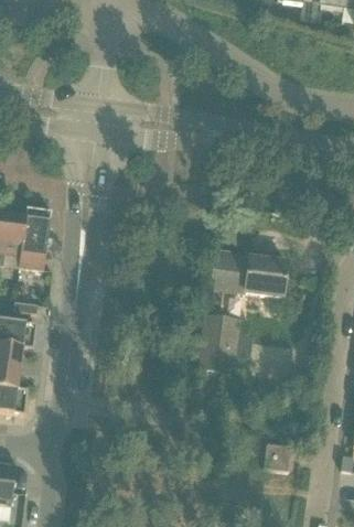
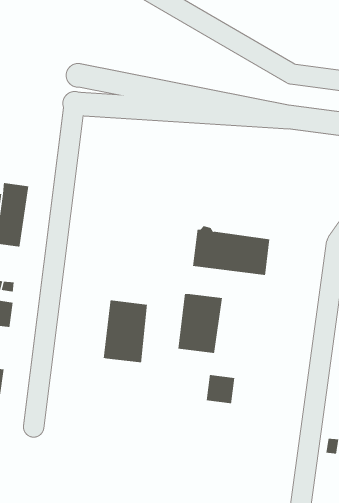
building: none -> [103,300,148,363]
building: [261,443,290,472] -> [206,374,235,404]

